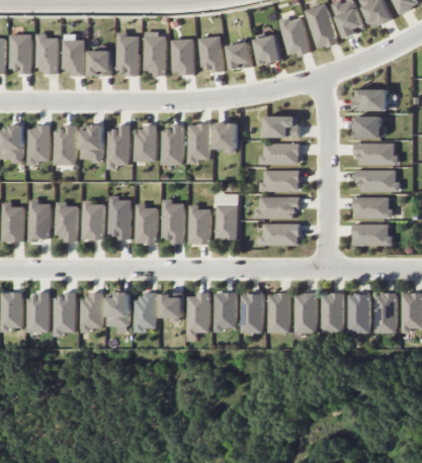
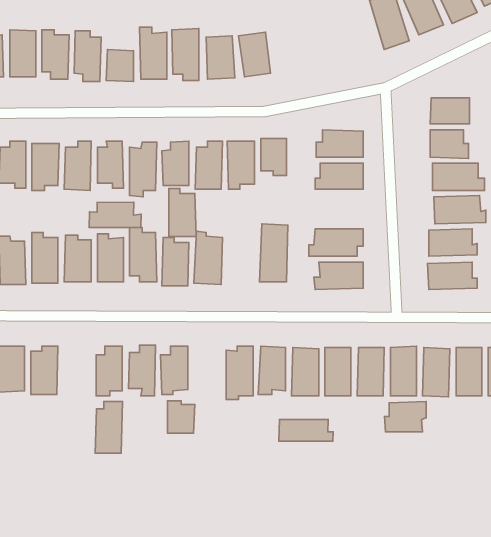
building: [278,17,310,57] -> none
building: [255,34,281,65] -> none
building: [228,41,253,70] -> none
building: [260,170,300,191] -> none
building: none -> [89,202,141,227]
building: [188,204,210,244] -> [169,188,196,237]
building: [54,291,76,334] -> [95,401,122,453]
building: [161,293,183,319] -> [168,401,195,433]
building: none -> [384,401,426,432]
building: none -> [279,419,333,441]

